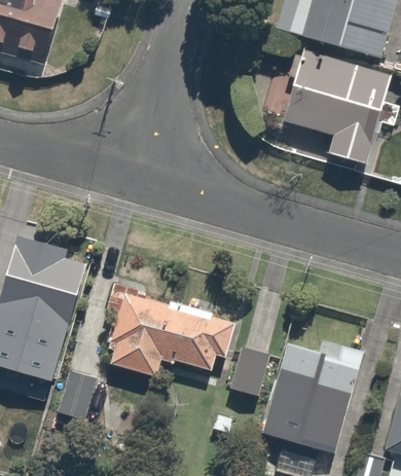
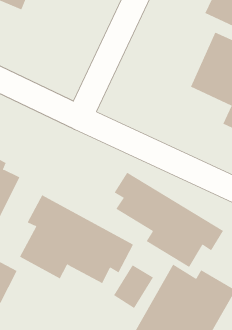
building: none -> [114,172,224,268]

